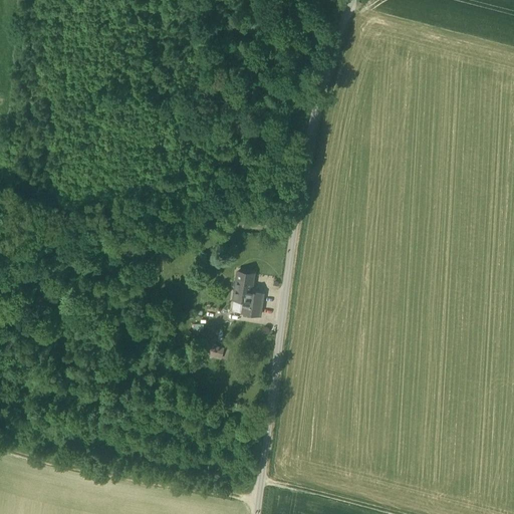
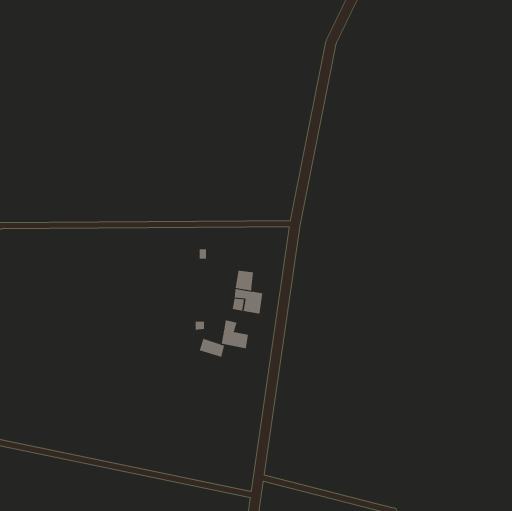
building: none -> [221,319,249,349]

